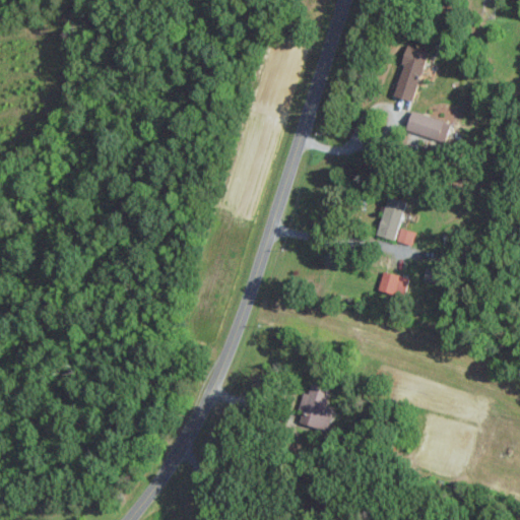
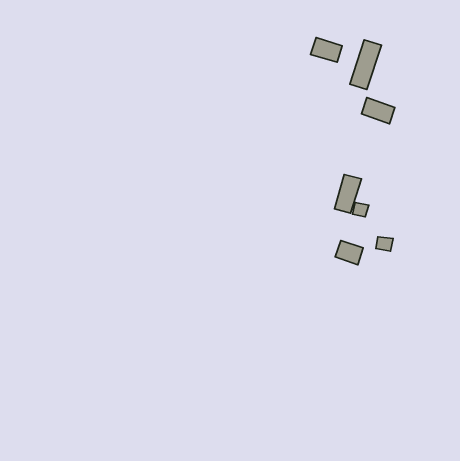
building: none -> [311,37,342,62]
building: [294,384,334,432] -> none

